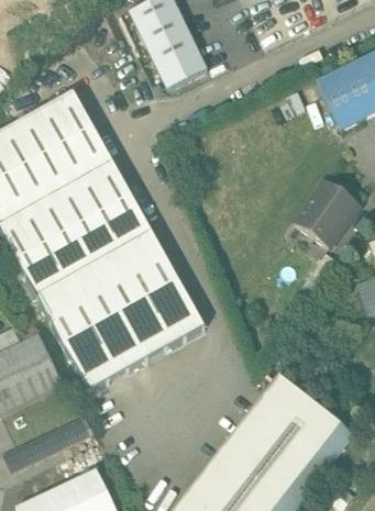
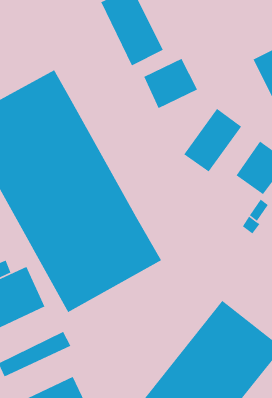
building: none -> [143,58,198,109]
building: none -> [183,108,242,172]

